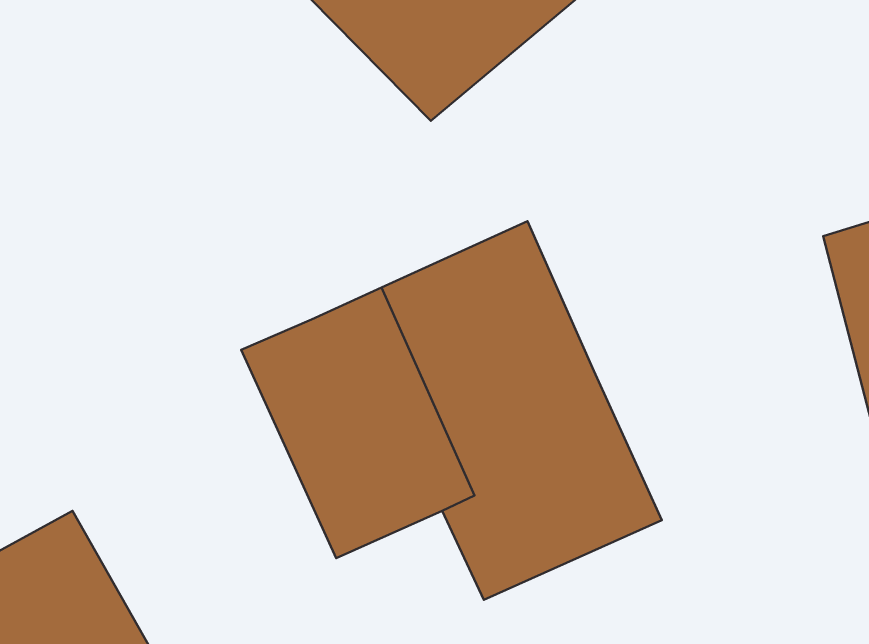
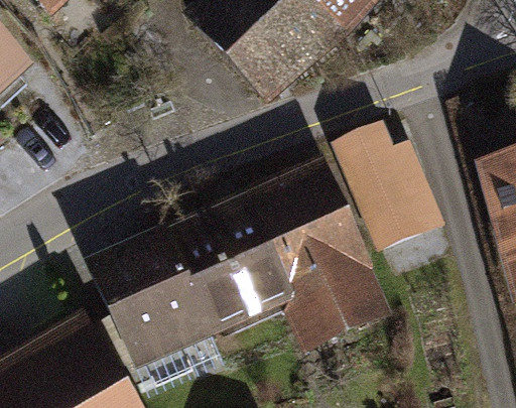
building: none -> [318,116,426,237]
building: none -> [89,226,223,374]

